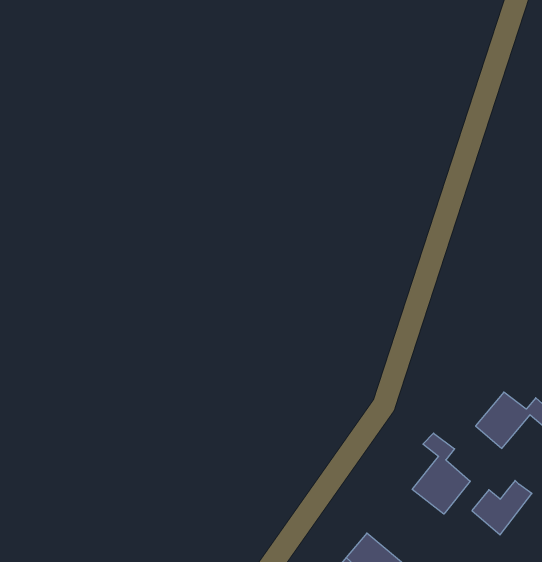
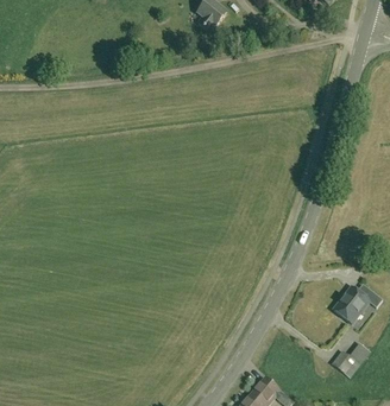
building: [412,433,470,514] -> none

